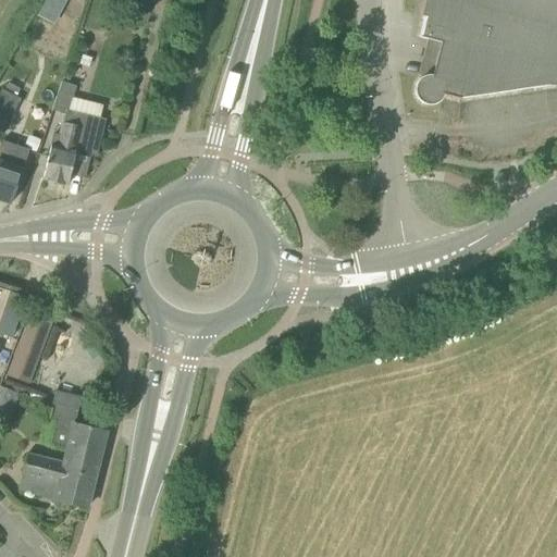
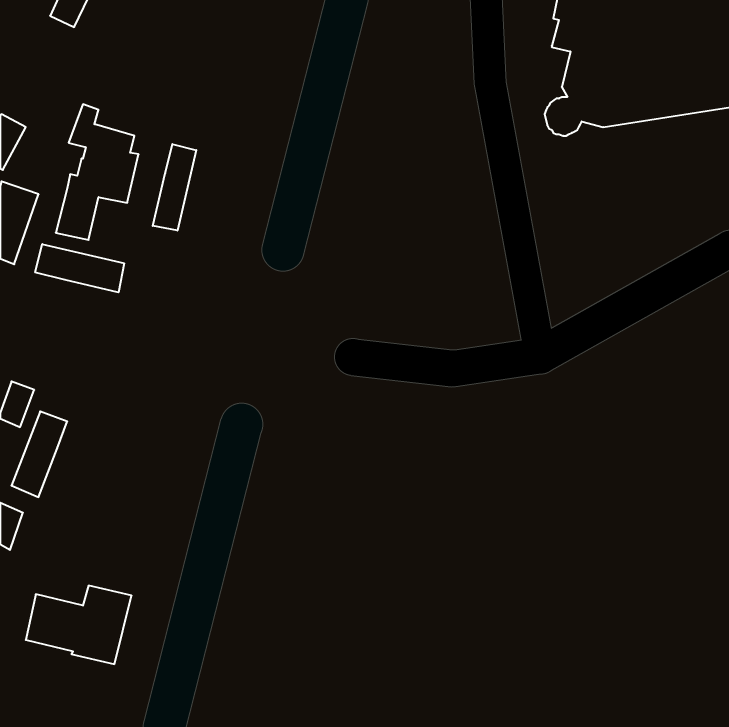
building: none -> [153,144,196,231]
building: none -> [35,244,124,292]
building: [48,403,107,454] -> none

